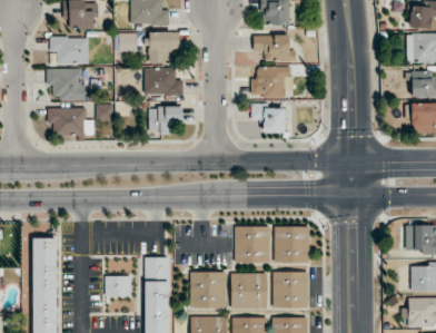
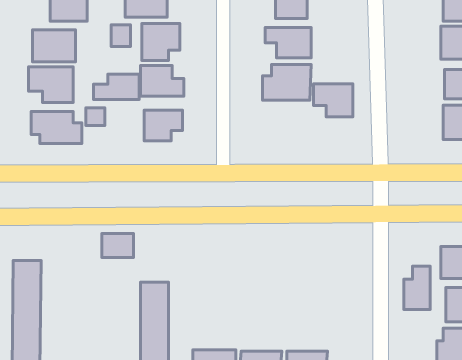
building: none -> [94,74,139,100]
building: [251,104,286,133] -> [313,84,353,117]
building: [235,226,269,263] -> none
building: [275,226,309,263] -> none
building: none -> [404,266,430,310]
building: [190,272,226,308] -> none
building: [272,272,308,308] -> none
building: [230,273,267,310] -> none
building: [105,275,132,296] -> [102,233,134,258]

